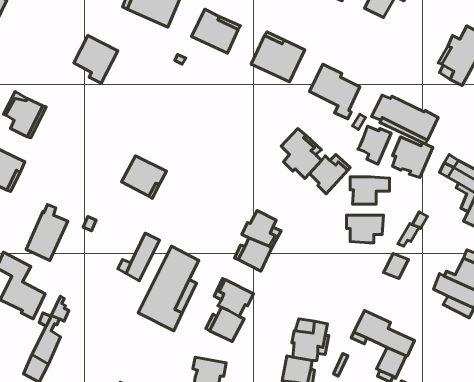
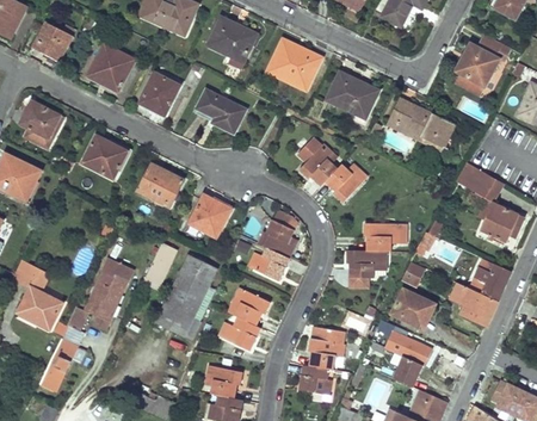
building: none -> [32,23,74,62]
building: none -> [140,74,179,116]
building: none -> [197,89,245,132]
building: none -> [81,135,126,180]
building: [358,126,391,164] -> none
building: [393,137,433,178] -> none
building: [350,177,389,204] -> [346,250,385,278]
building: none -> [189,198,230,236]
building: [26,204,68,260] -> [85,265,126,321]
building: none -> [391,290,436,329]

